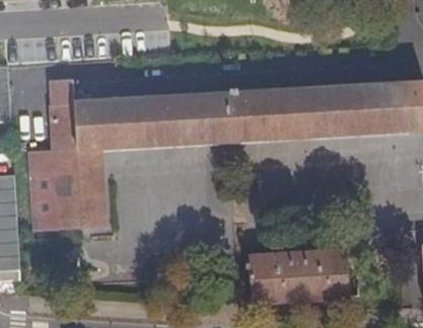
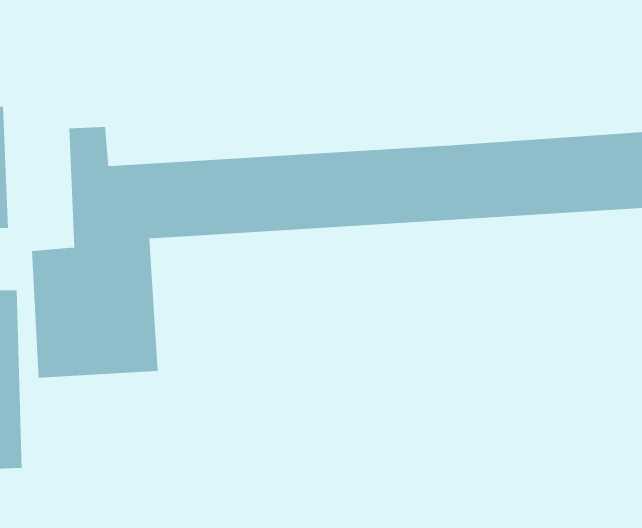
building: [246,249,348,303] -> none

